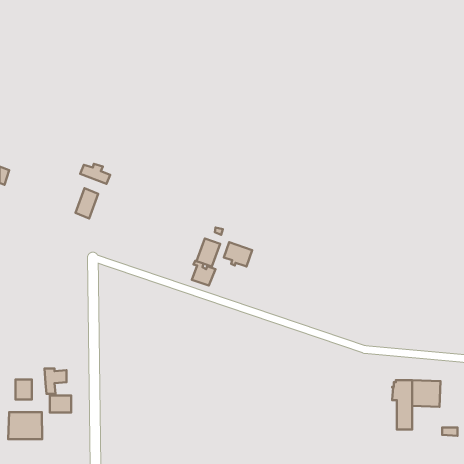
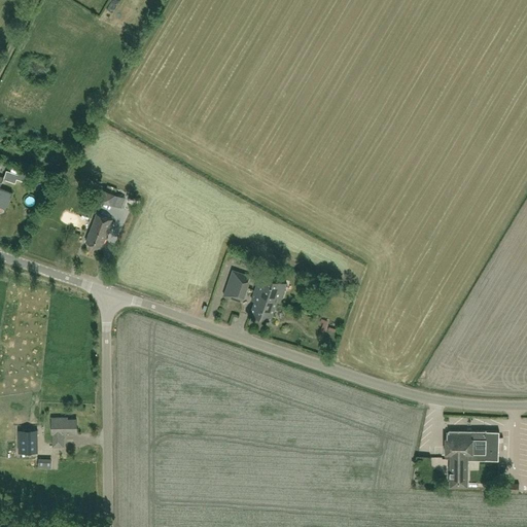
building: [192,261,215,285] -> [249,292,276,320]
building: [50,395,71,413] -> none
building: [8,412,42,439] -> none

